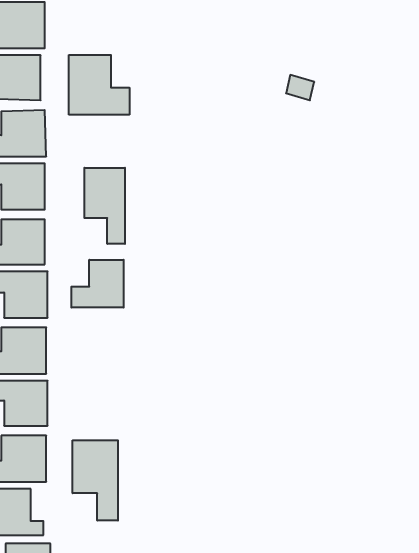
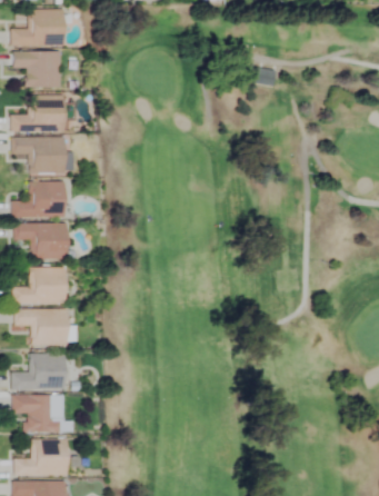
building: [69,55,129,115] -> none
building: [84,168,125,244] -> none
building: [71,260,124,308] -> none
building: [73,440,118,521] -> none

